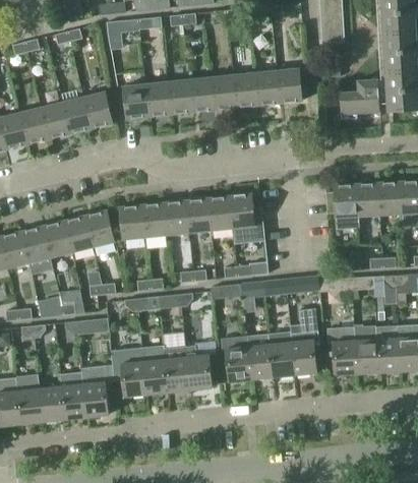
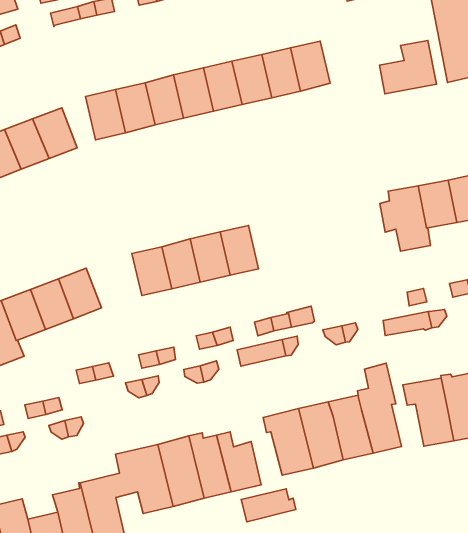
building: [229,194,264,245] -> none
building: [119,205,144,240] -> none
building: none -> [241,489,296,522]

